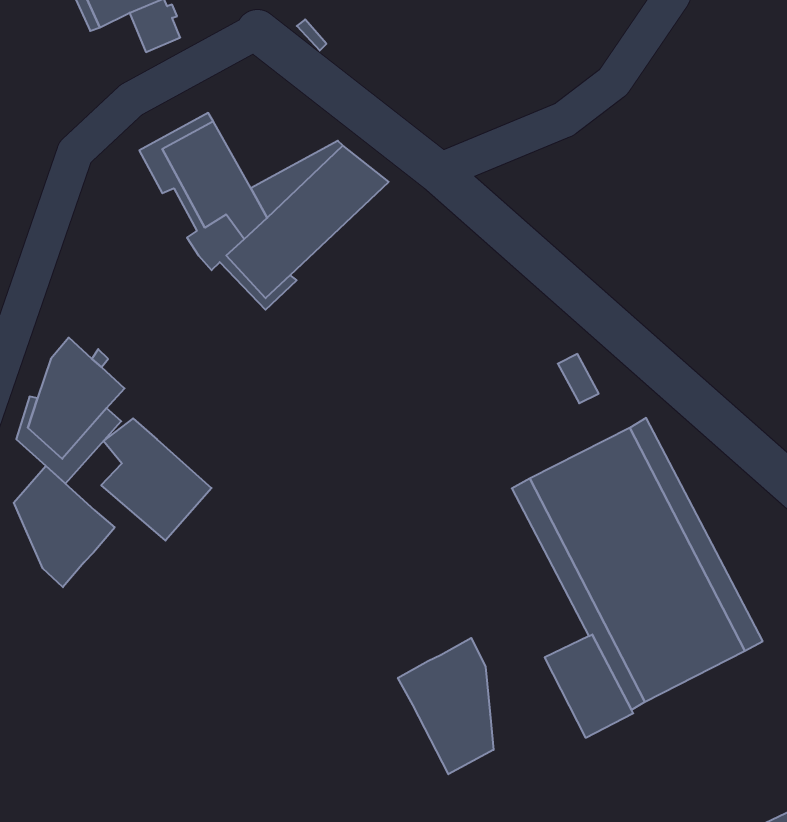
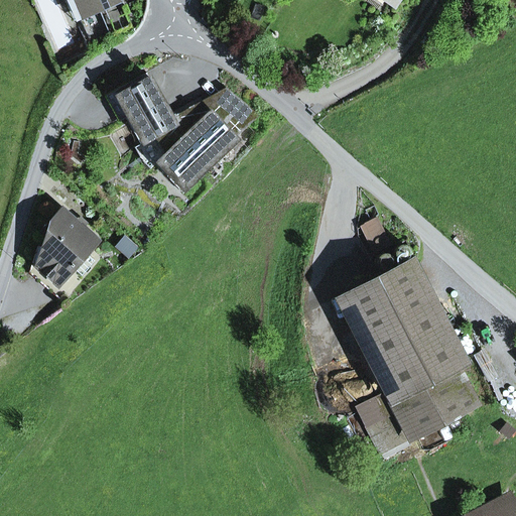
building: [101,418,212,541] -> none
building: [14,466,115,587] -> none
building: [398,638,494,774] -> none

